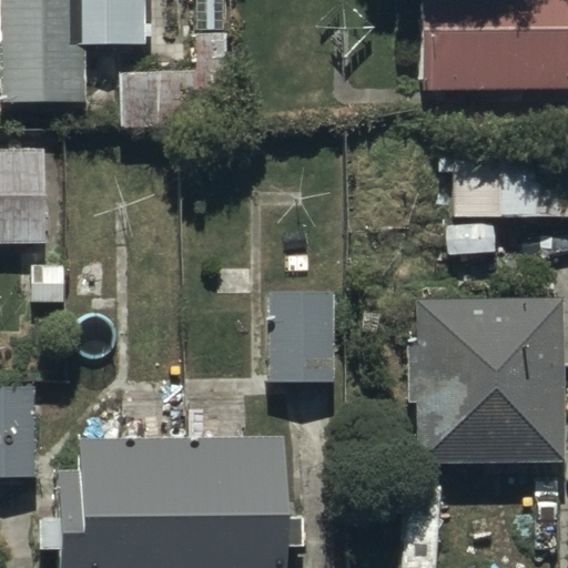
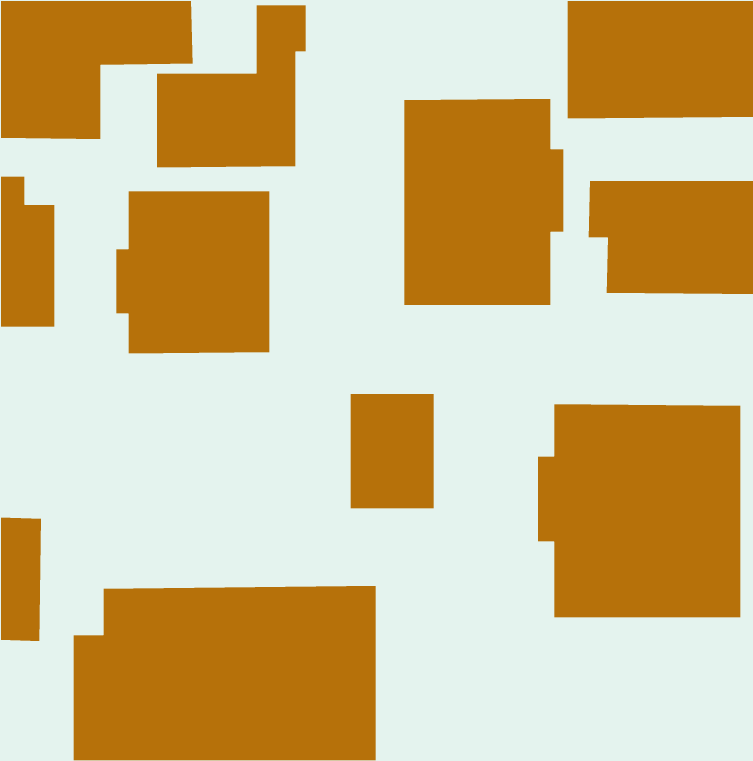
building: none -> [404,98,564,306]
building: none -> [115,191,270,354]

